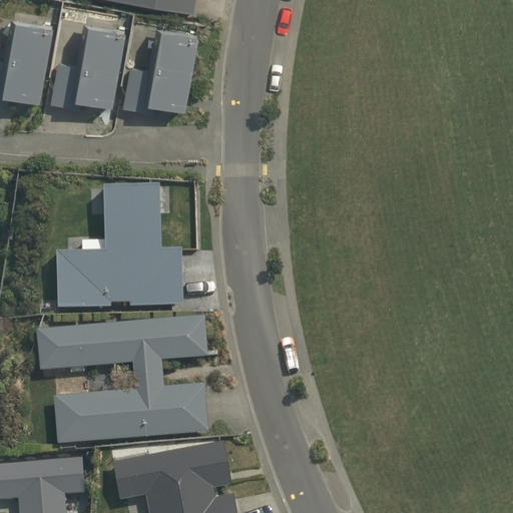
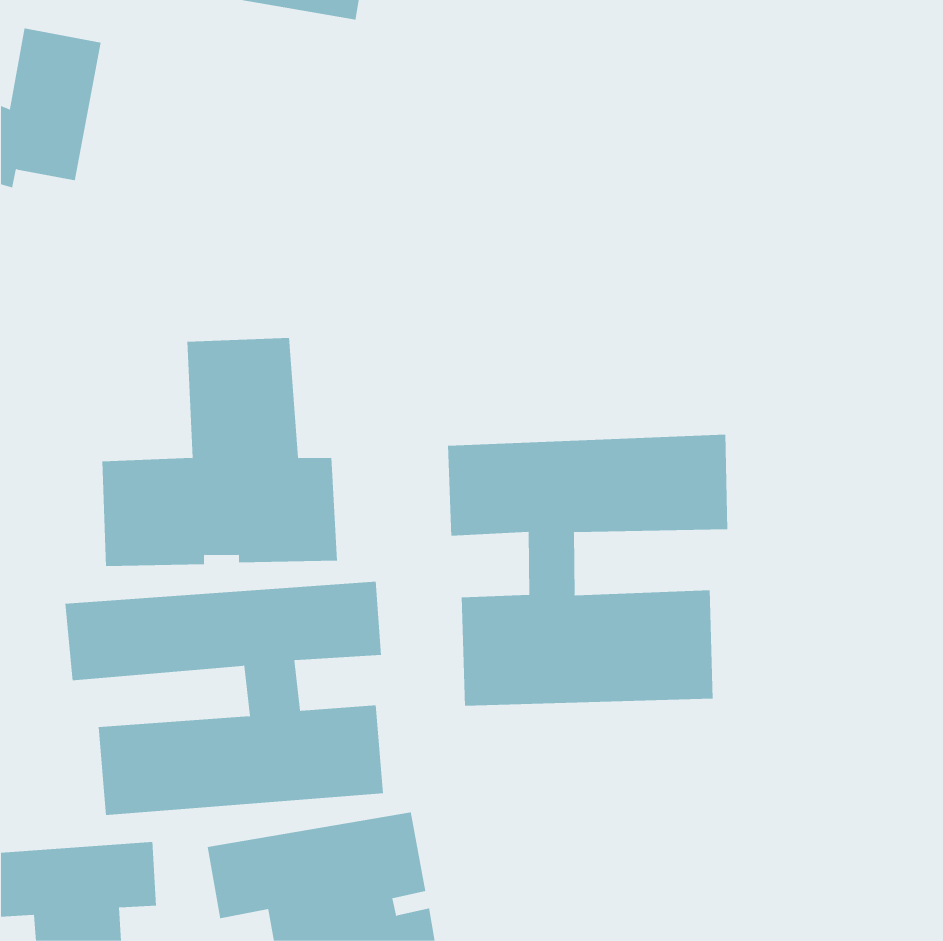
building: [50,19,127,106] -> none
building: [122,24,199,111] -> none
building: none -> [448,434,728,706]

